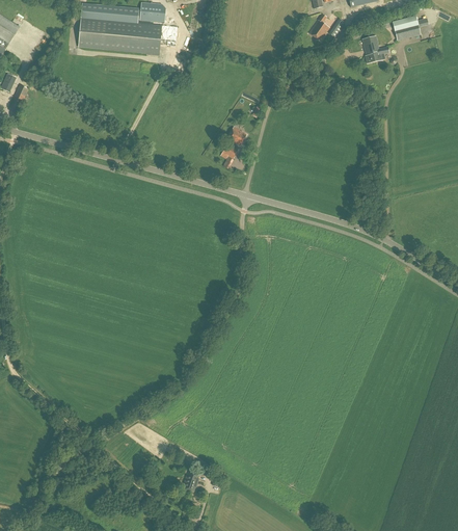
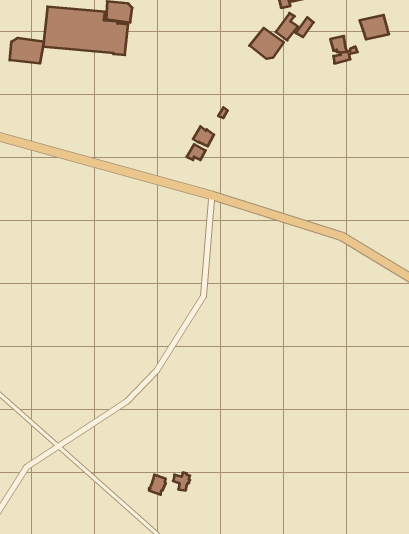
building: none -> [249,28,284,59]
building: none -> [10,38,44,63]

